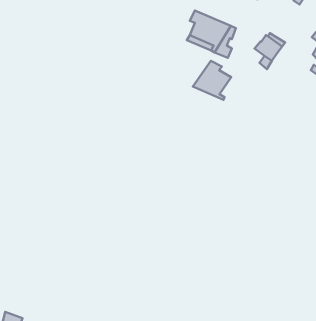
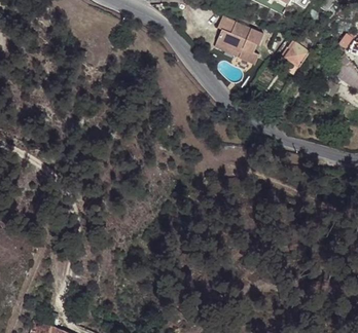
building: [193,61,231,100] -> none

